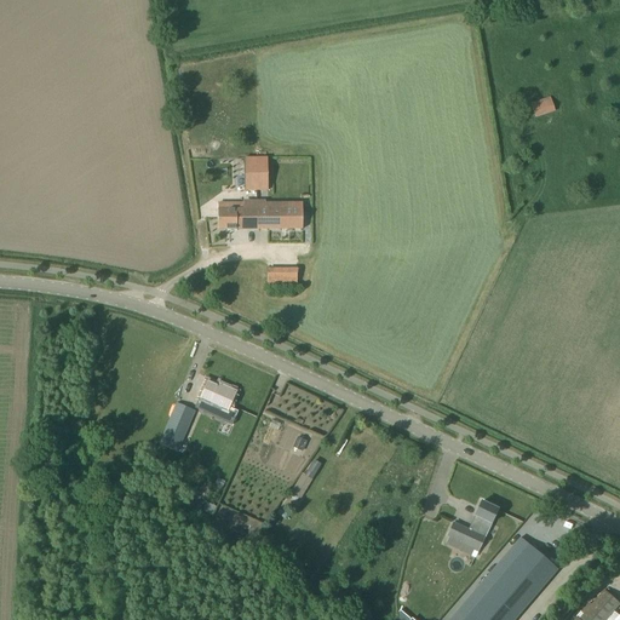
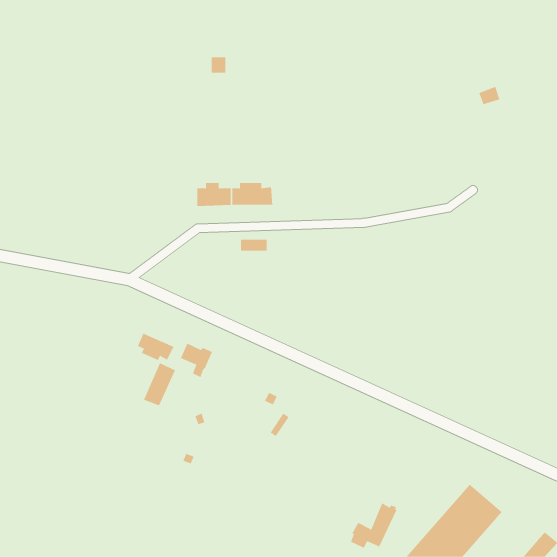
building: [243,157,266,190] -> none
building: none -> [137,333,174,361]
building: [447,500,499,551] -> [350,503,397,549]

